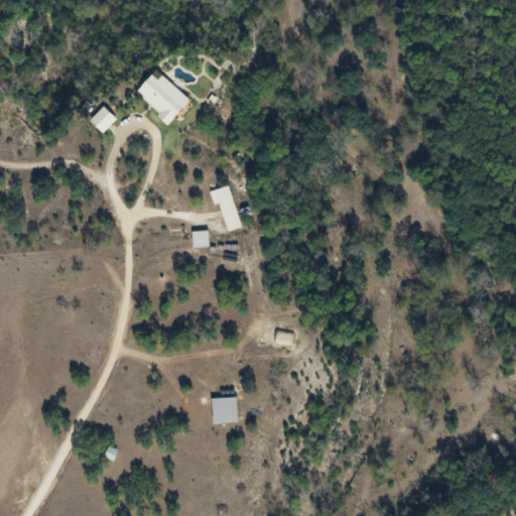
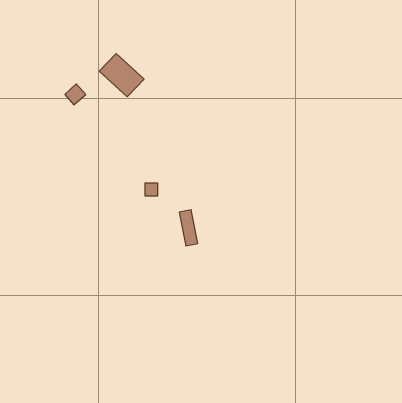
building: [216,185,239,231] -> [179,210,198,246]
building: [212,397,238,422] -> none

